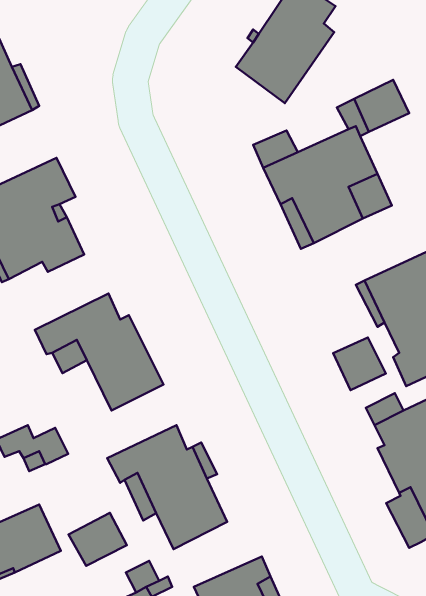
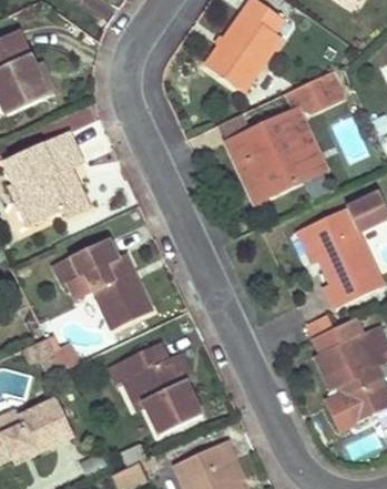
building: [333,337,386,390] -> none
building: [68,513,127,566] -> none

